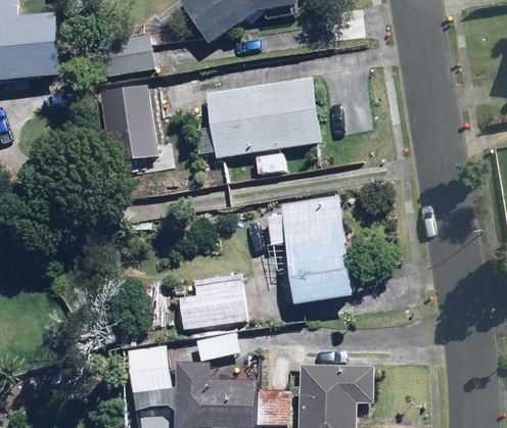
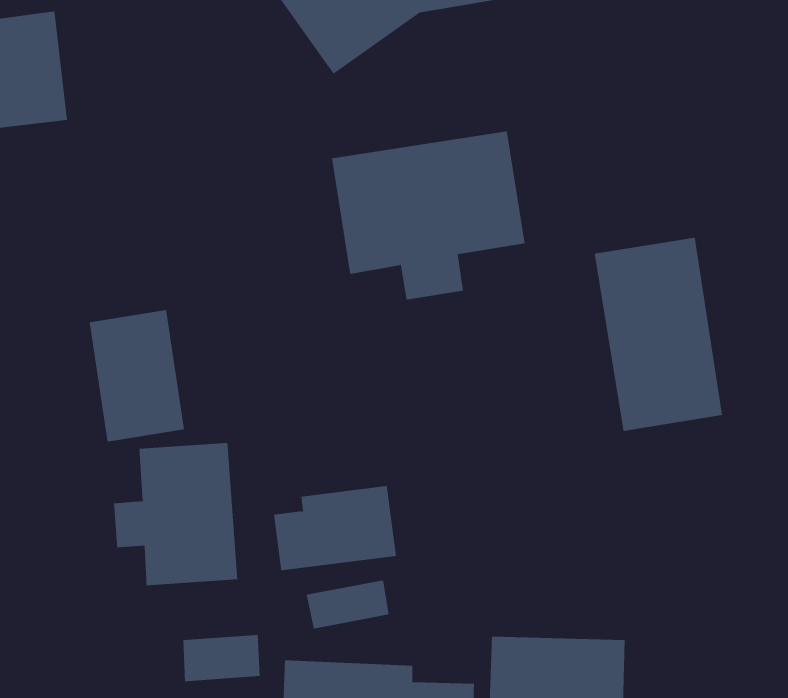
building: [105,34,154,76] -> none
building: [102,88,156,162] -> [89,309,185,442]
building: [281,193,354,302] -> [594,237,723,432]
building: none -> [114,442,238,586]

